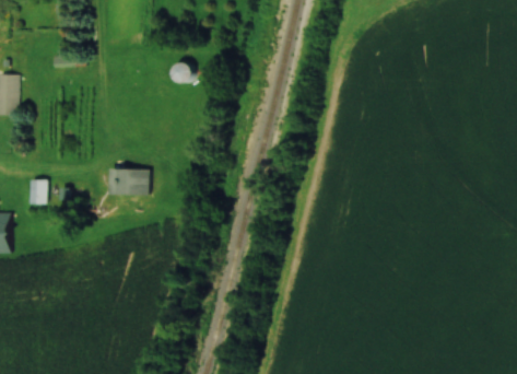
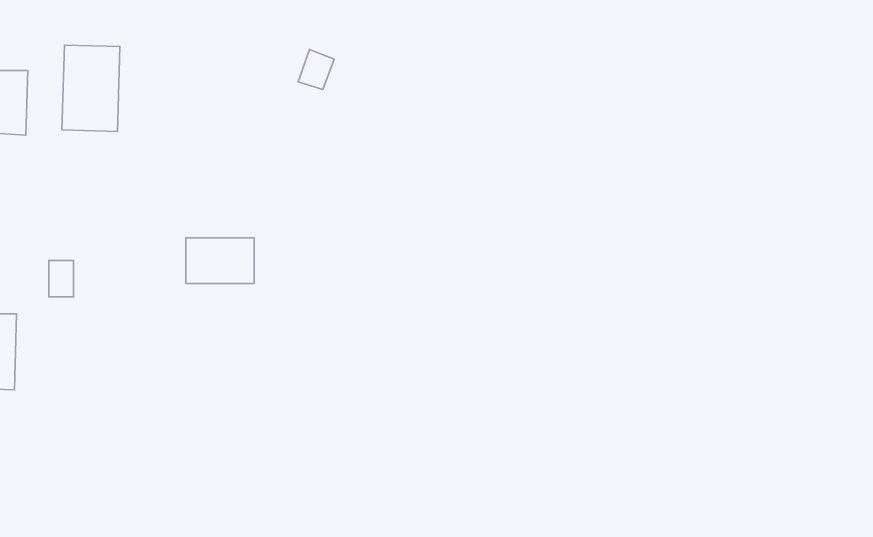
building: none -> [62,45,120,131]

